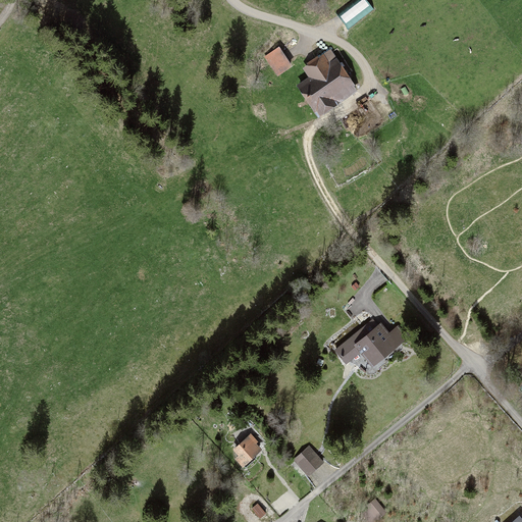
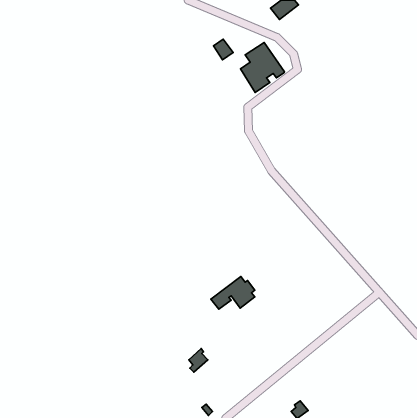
building: [336,321,392,362] -> [211,276,255,309]
building: [296,447,323,474] -> none

